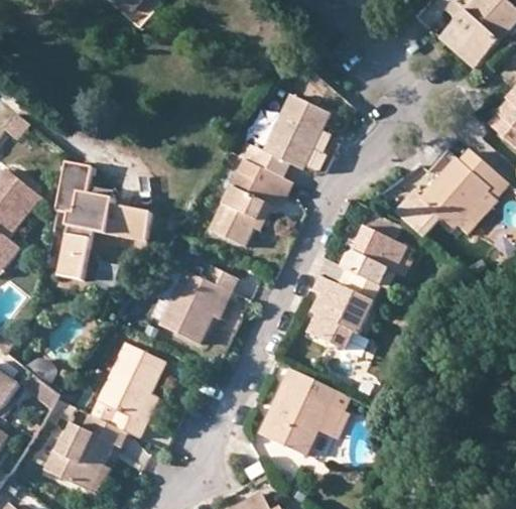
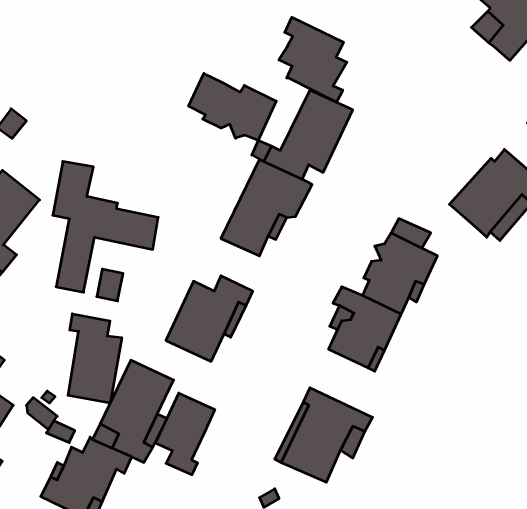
building: none -> [279,17,347,102]
building: none -> [189,73,276,141]
building: [396,190,440,237] -> none
building: none -> [68,314,122,403]
building: none -> [156,393,215,475]

